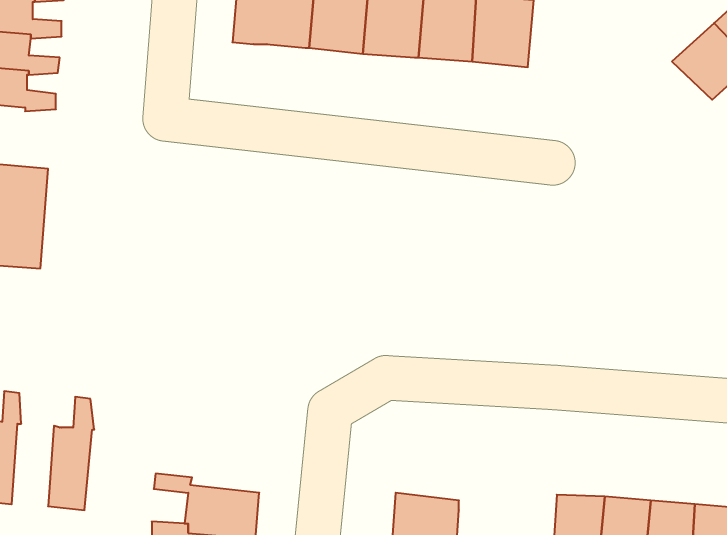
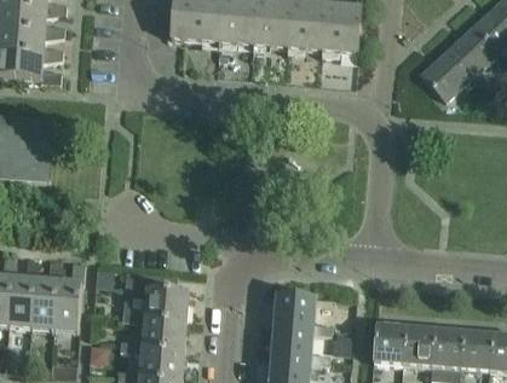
building: none -> [422,50,473,99]
building: none -> [31,260,63,330]
building: none -> [122,271,190,321]
building: none -> [273,291,332,332]

